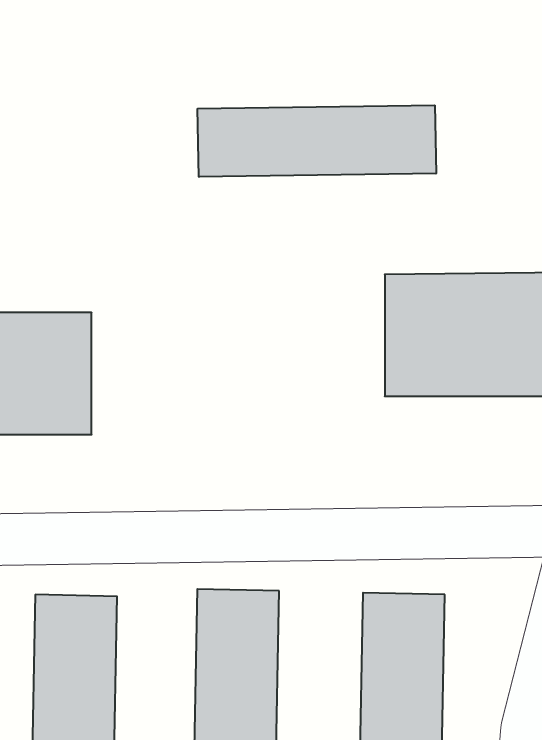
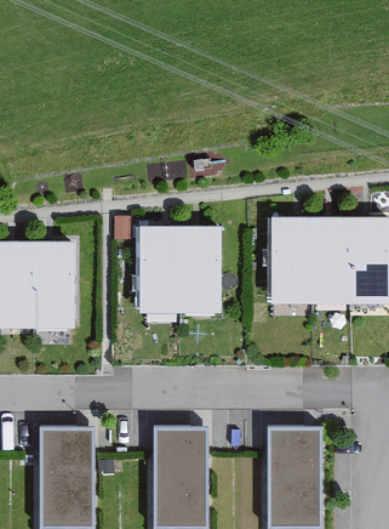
building: [198,105,436,177] -> none
building: none -> [142,223,221,311]

